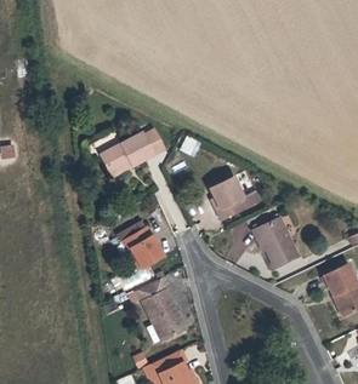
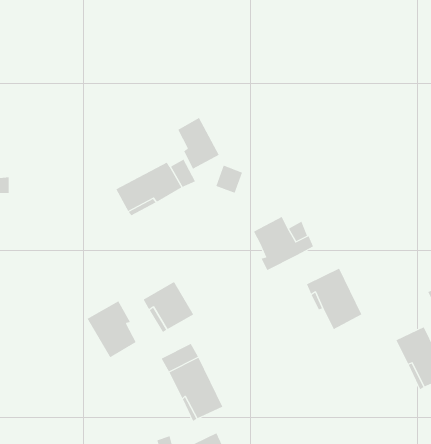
building: none -> [178,117,219,169]
building: none -> [87,300,137,358]

